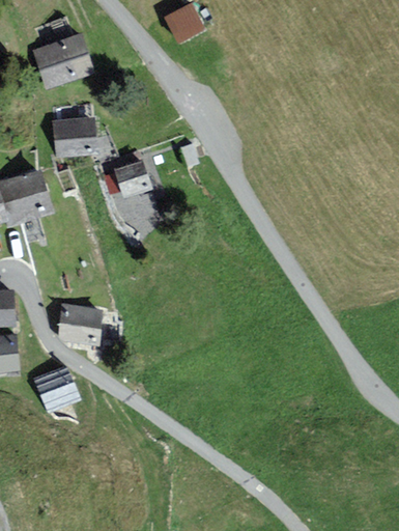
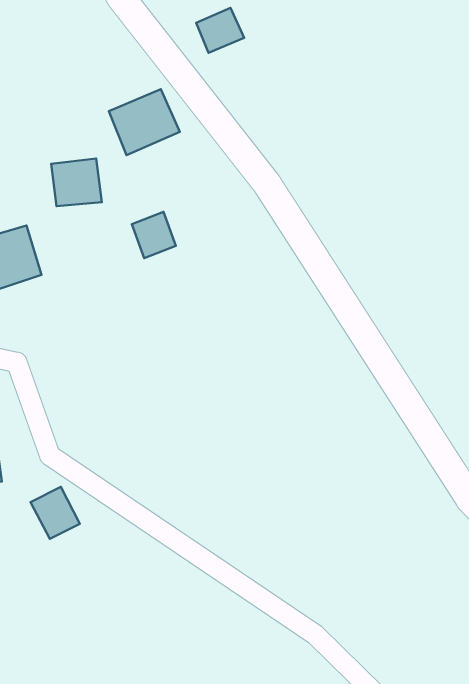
building: [34,37,88,87] -> [109,89,180,155]
building: [61,306,101,342] -> none

